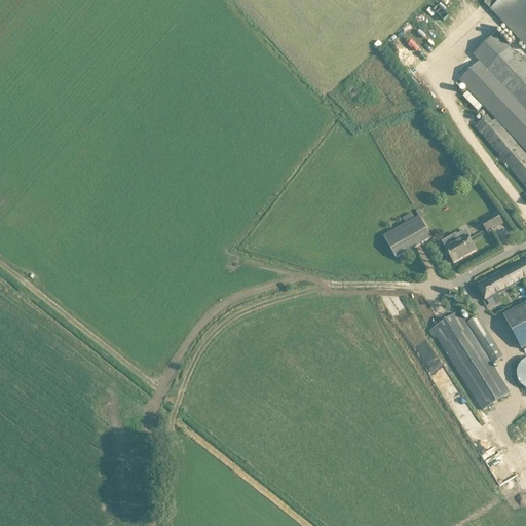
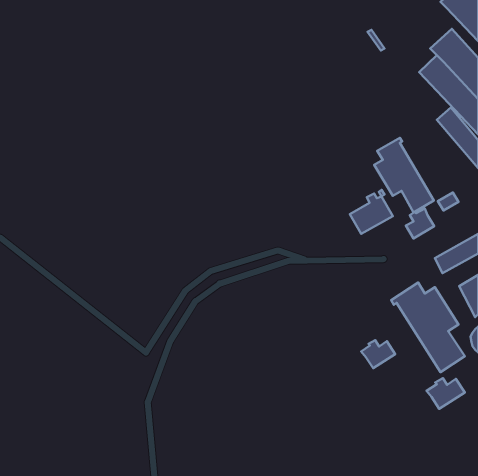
building: none -> [374,138,434,212]
building: none -> [361,340,395,368]
building: none -> [427,378,465,409]

